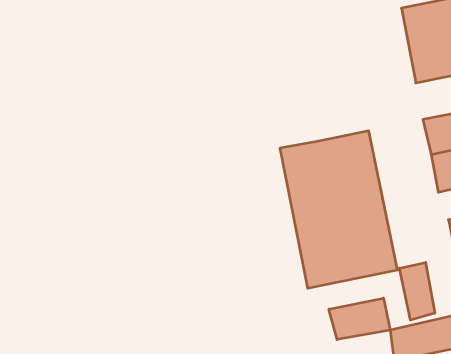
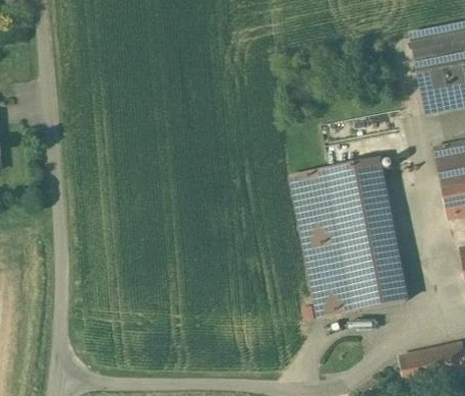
building: [400,262,435,320] -> none
building: [329,298,390,340] -> none

